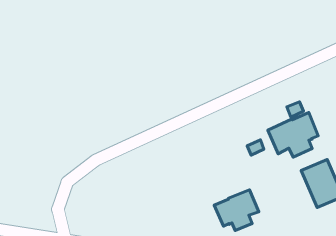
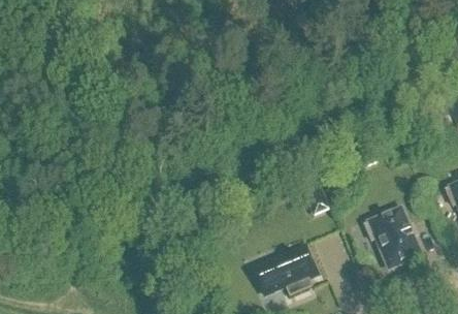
building: [268,113,318,157] -> none

